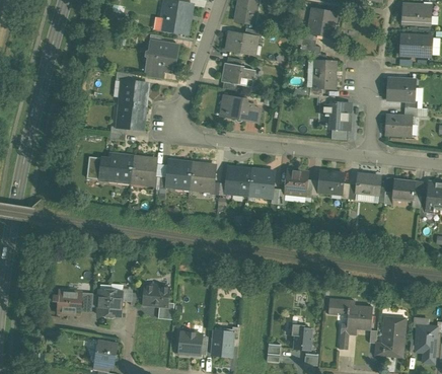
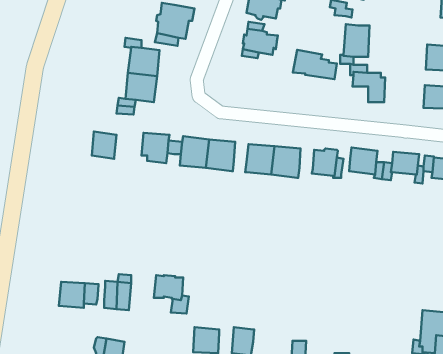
building: [221,96,261,123] -> [293,50,337,79]
building: [107,154,134,182] -> none
building: [328,298,373,350] -> none
building: [292,324,313,351] -> none

